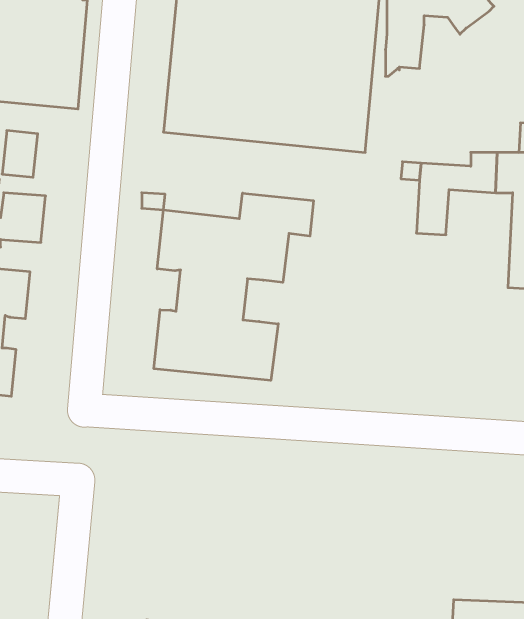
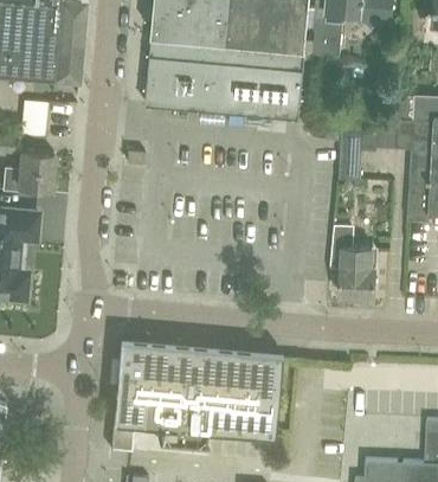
building: [154,193,313,380] -> none
building: none -> [330,225,379,298]
building: none -> [110,339,282,452]

